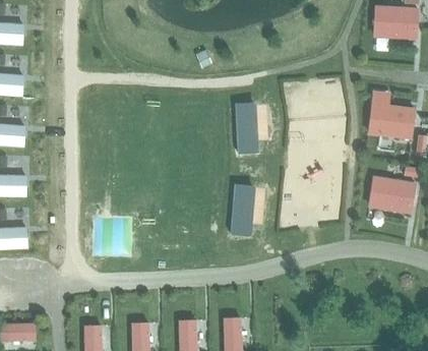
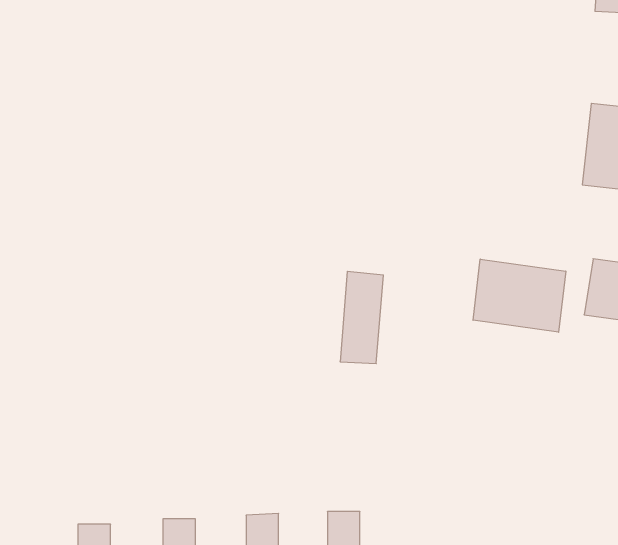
building: [235,101,259,154] -> none
building: none -> [473,259,566,332]

